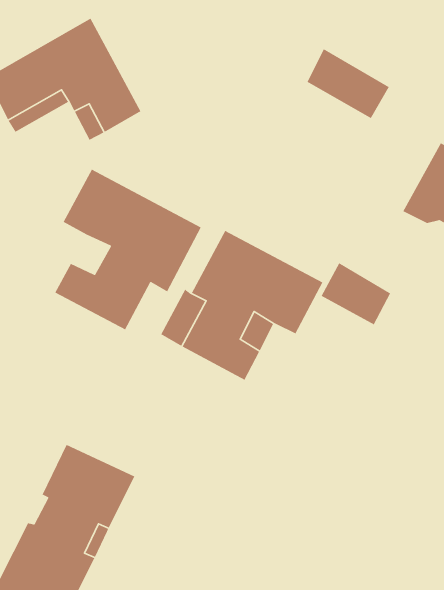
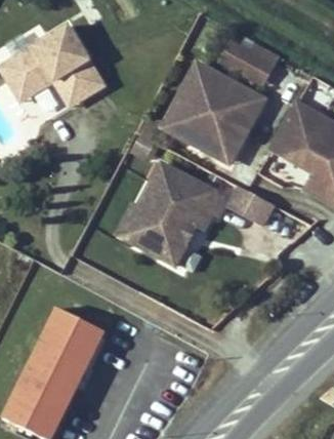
building: none -> [174,65,263,159]
building: [54,168,202,330] -> none

